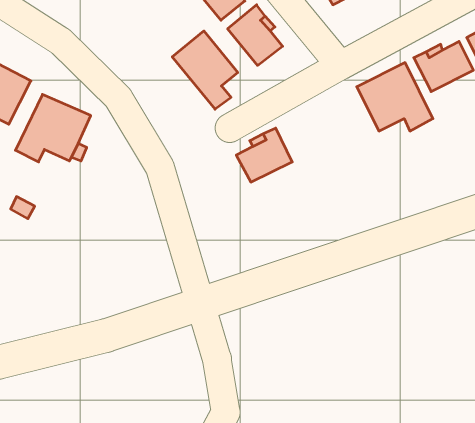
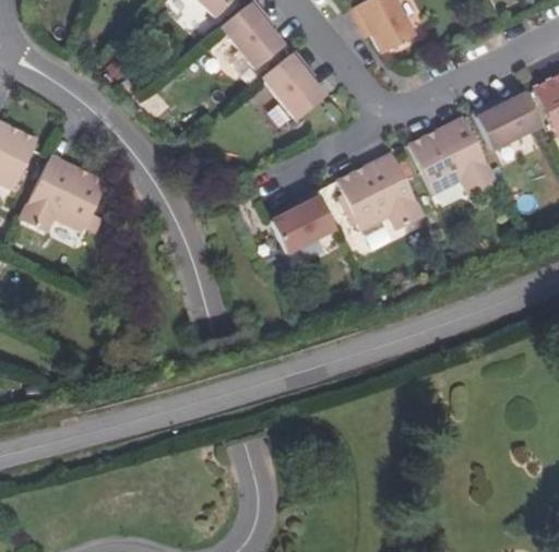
building: [172,31,238,109] -> none
building: none -> [337,153,425,231]

